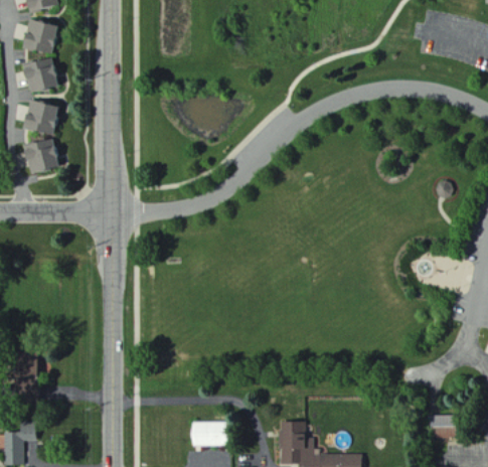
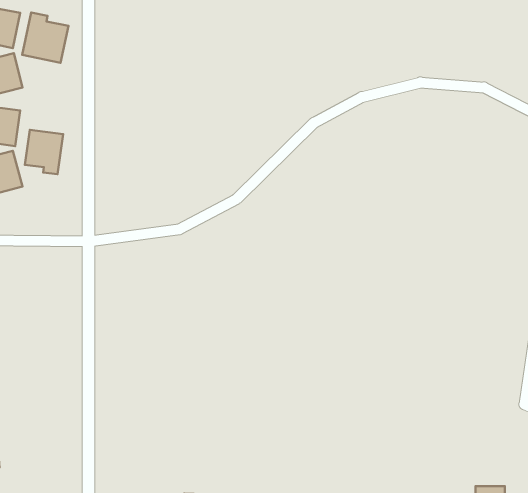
building: none -> [22,12,69,63]
building: none -> [25,130,63,174]

